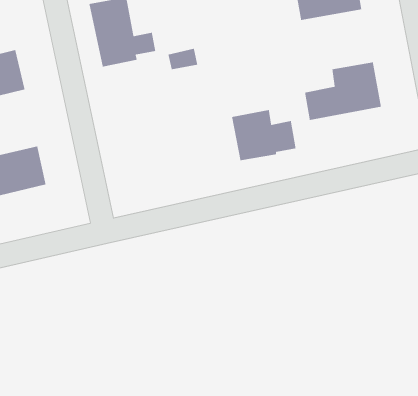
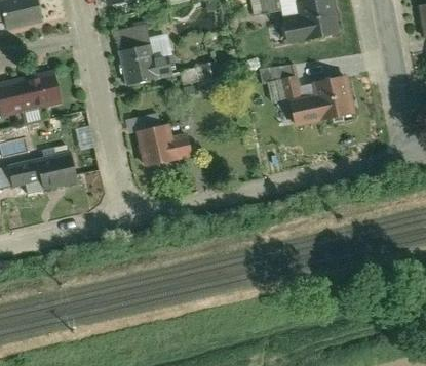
building: none -> [273,65,304,99]
building: [231,109,296,161] -> [135,122,190,165]

